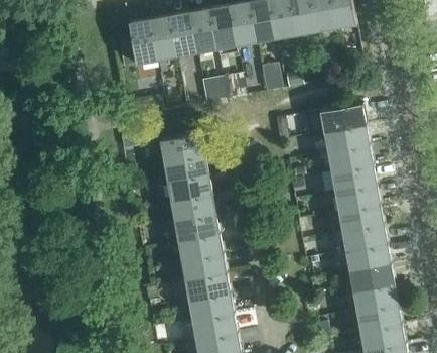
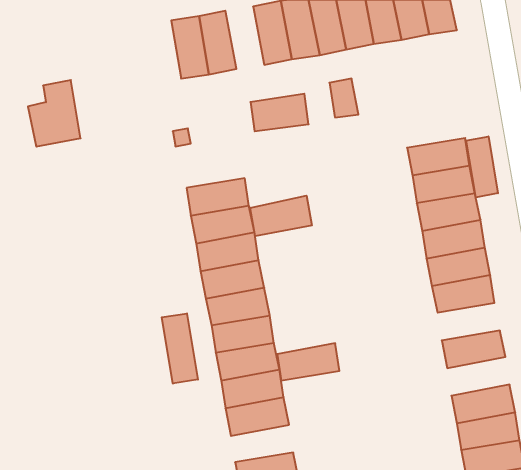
building: [187,8,215,53] -> none
building: [117,18,155,67] -> [28,80,81,147]
building: none -> [466,136,498,197]
building: none -> [250,196,312,236]
building: [341,224,387,251] -> none
building: none -> [162,313,198,384]
building: [348,263,394,291] -> none
building: [191,313,237,340] -> [277,343,339,381]

